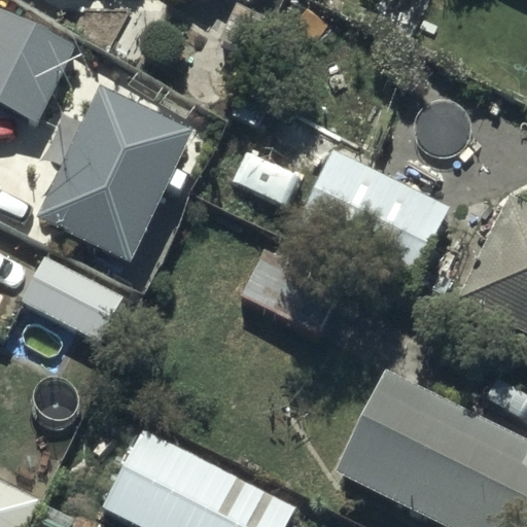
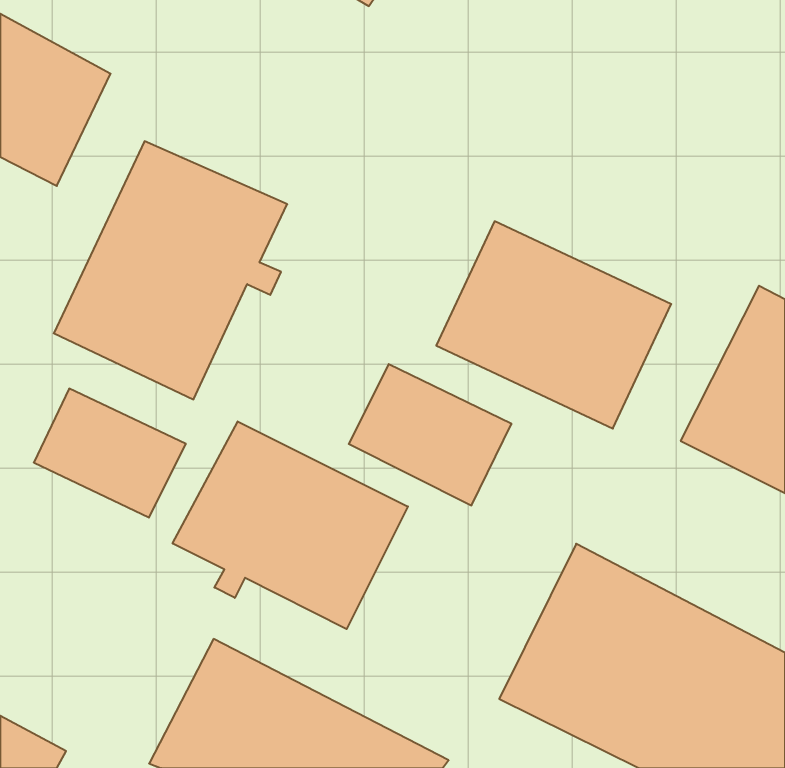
building: none -> [173,421,408,629]

